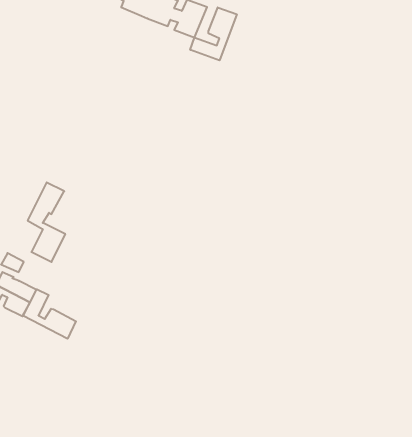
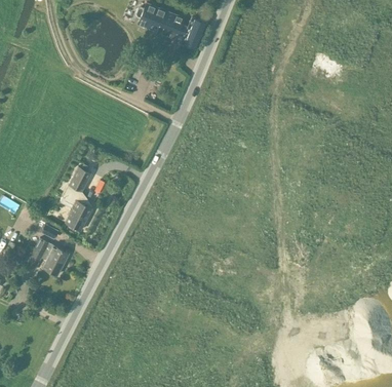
building: [190,7,237,60] -> none
building: [23,289,76,339] -> none

